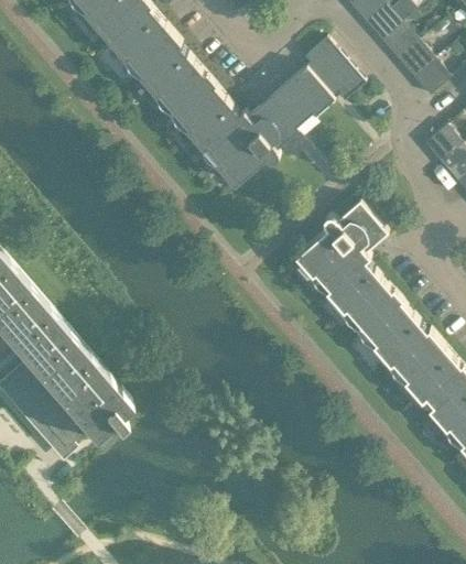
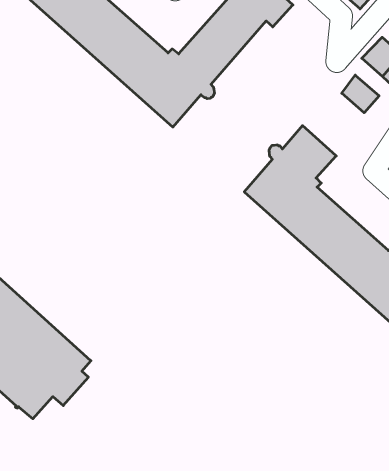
building: none -> [342,75,379,113]

